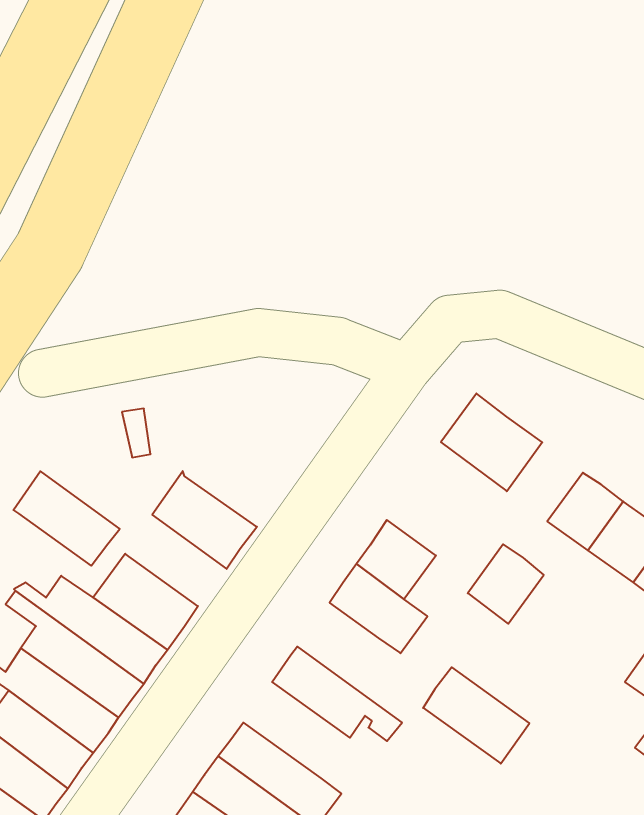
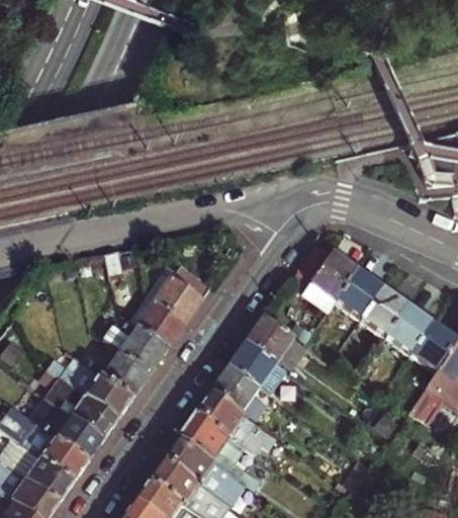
building: none -> [144,263,213,322]
building: [13,471,120,566] -> [105,313,169,369]
building: [468,544,544,624] -> [337,271,382,319]
building: none -> [211,367,260,415]
building: [423,667,529,764] -> [179,415,243,472]

